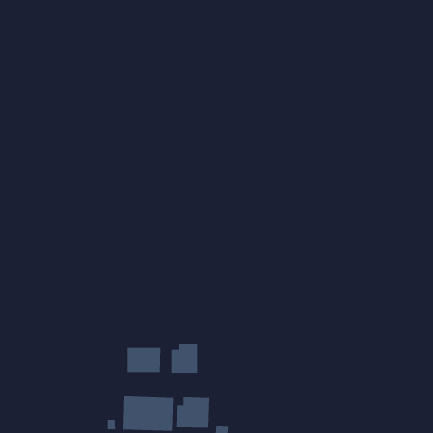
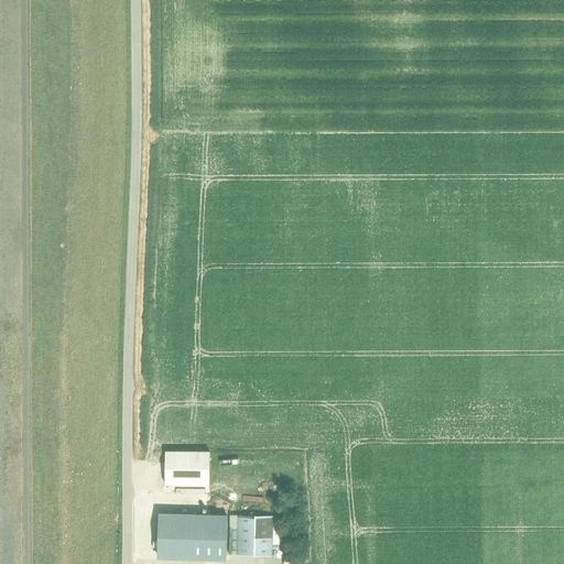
building: [171,343,198,374] -> none

